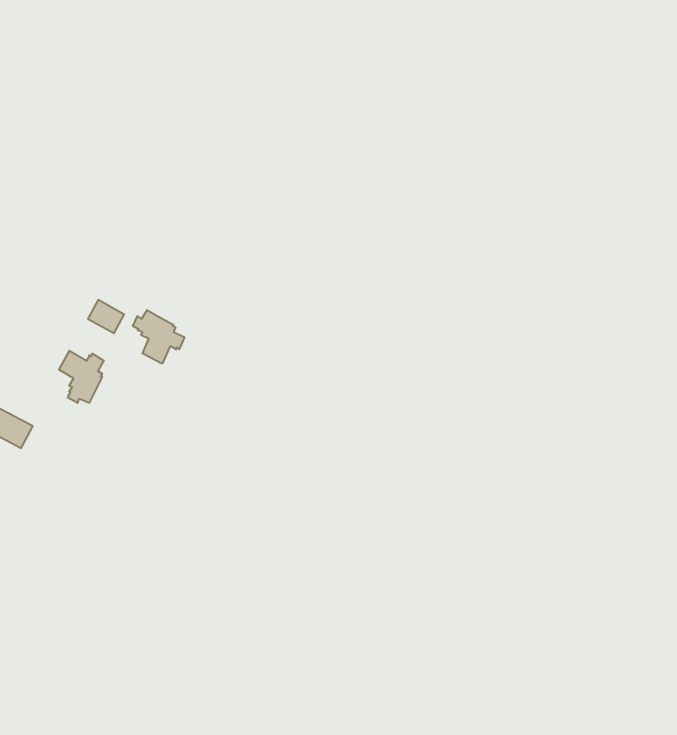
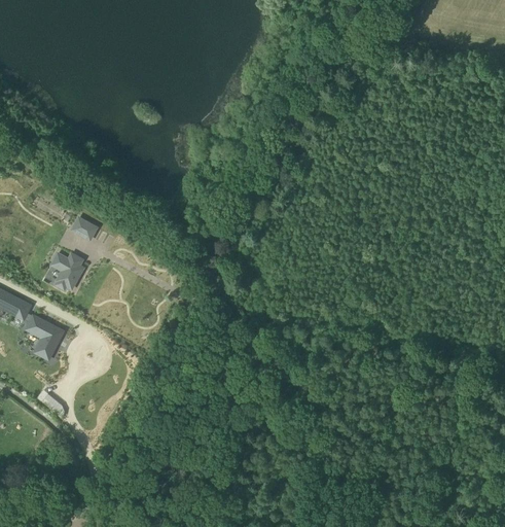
building: [133,310,184,364] -> none
building: none -> [24,313,64,360]

